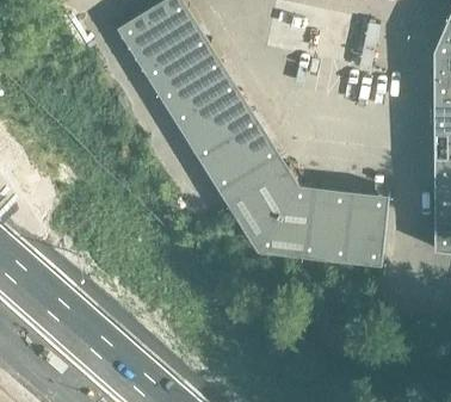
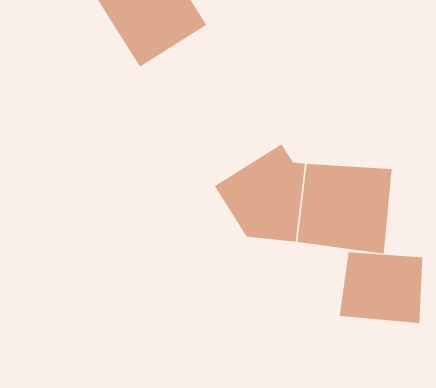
building: [161,62,289,206] -> none
building: none -> [339,251,423,324]

